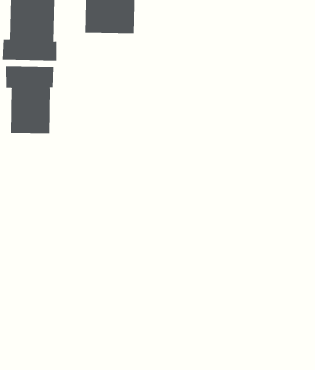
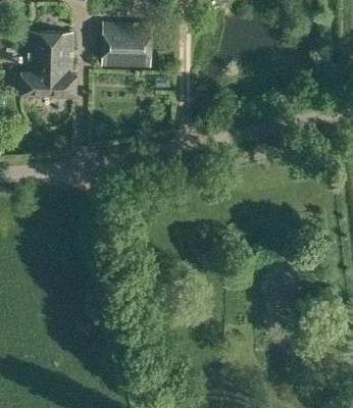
building: [6,65,54,134] -> none

